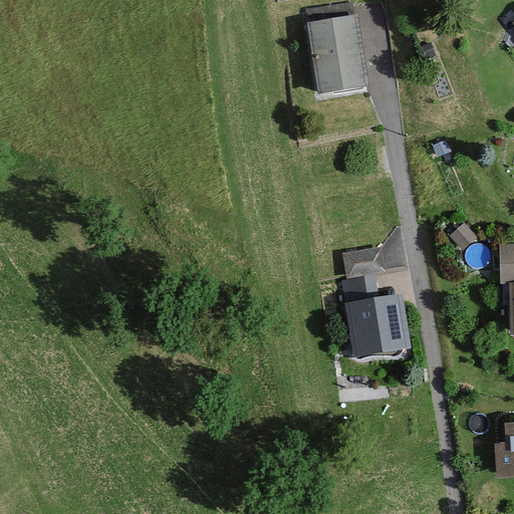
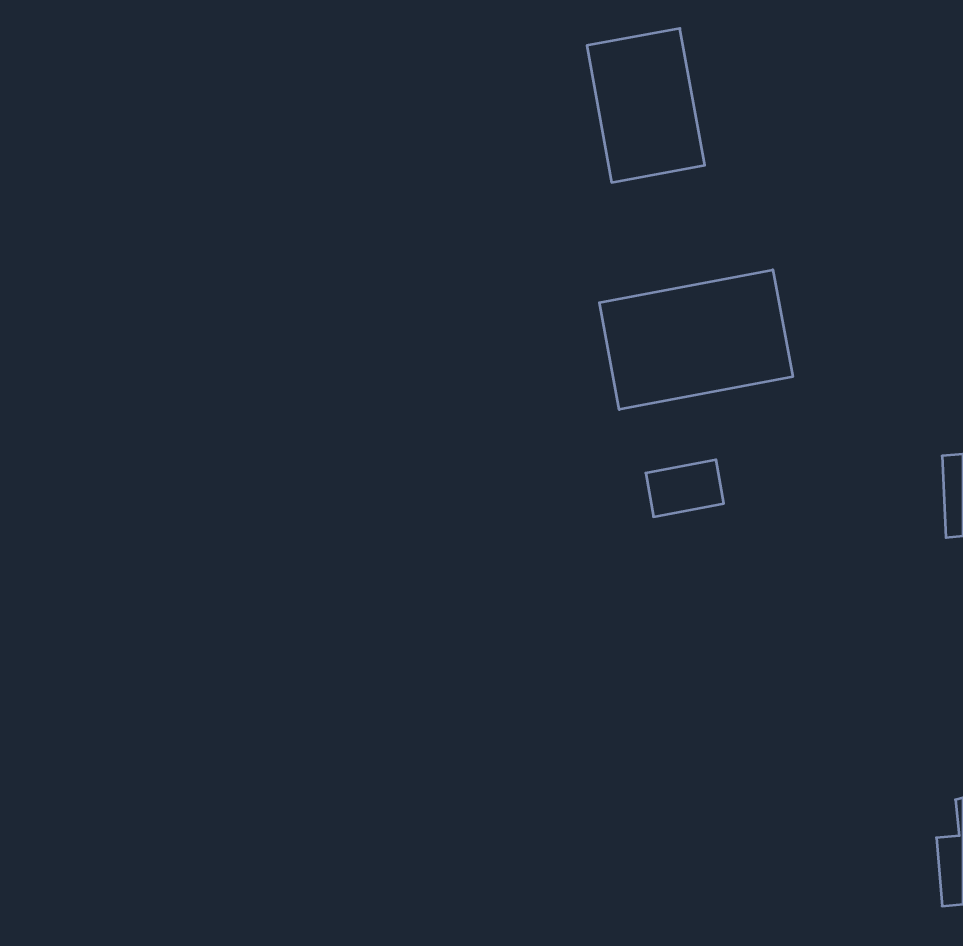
building: none -> [599,270,793,410]
building: [338,276,404,350] -> none

